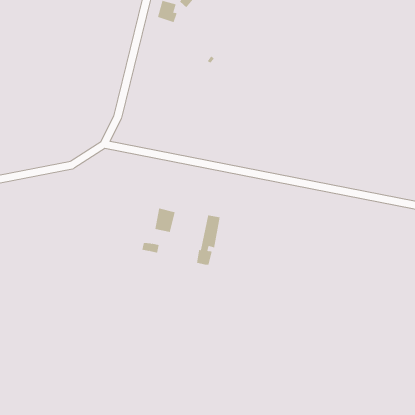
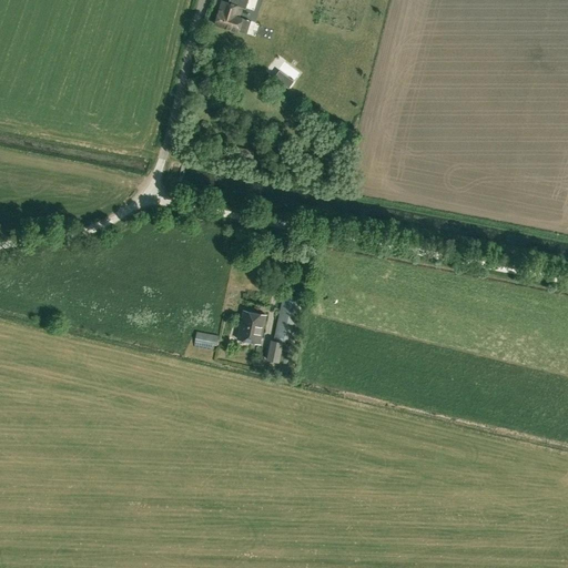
building: [154,208,176,232] -> [236,308,265,342]

